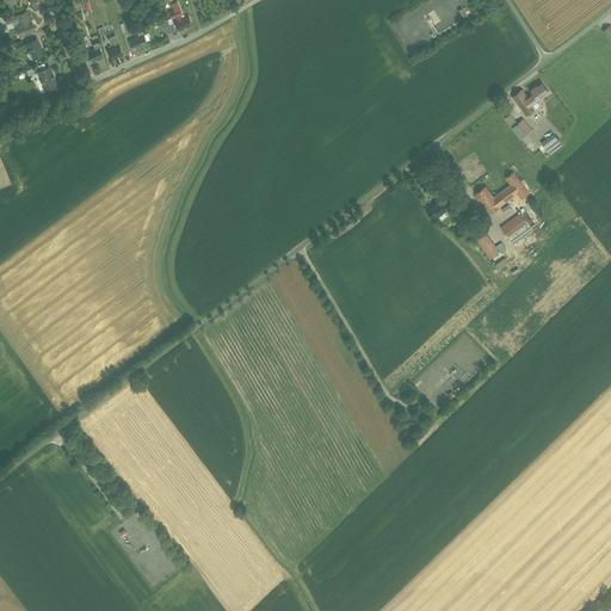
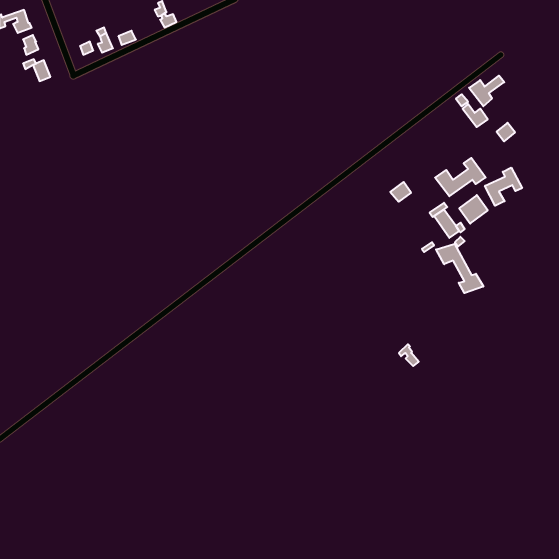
building: none -> [485,168,522,206]
building: none -> [436,244,483,293]

